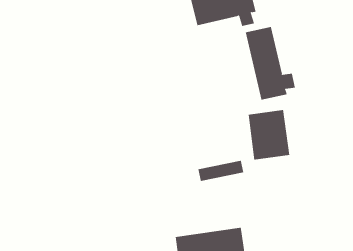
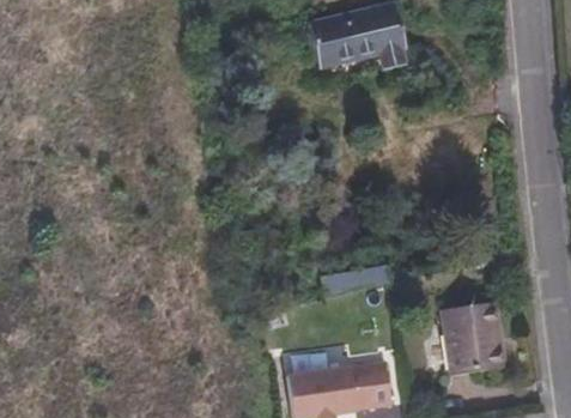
building: [245,26,296,100] -> none
building: [248,110,290,160] -> [442,299,504,374]

